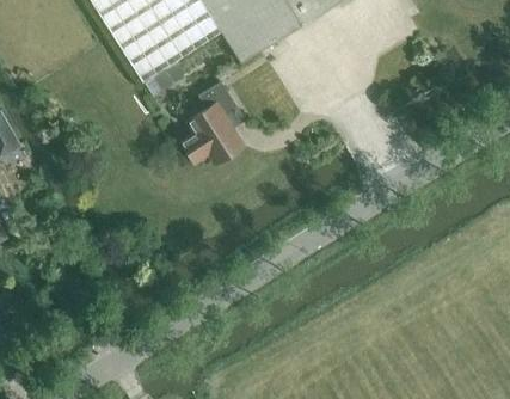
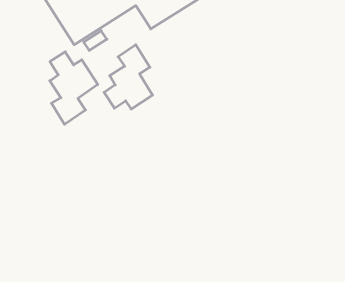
building: none -> [50,52,98,124]

